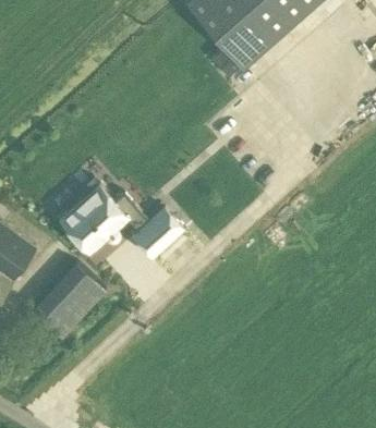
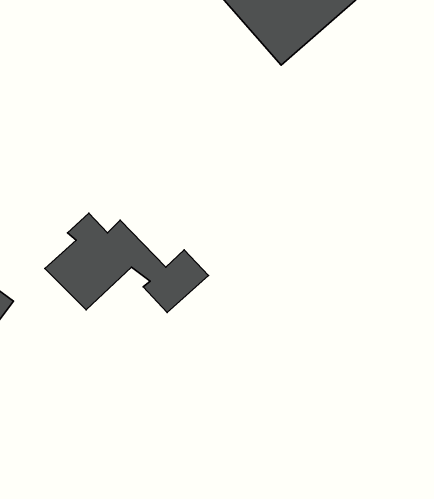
building: [34,267,104,337] -> none

